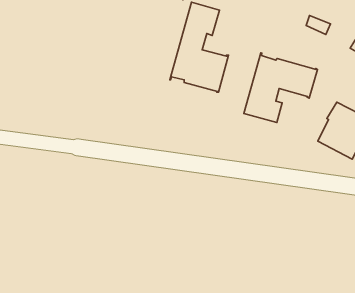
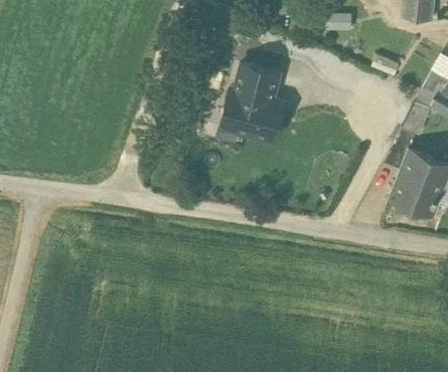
building: [244,53,318,123] -> none

